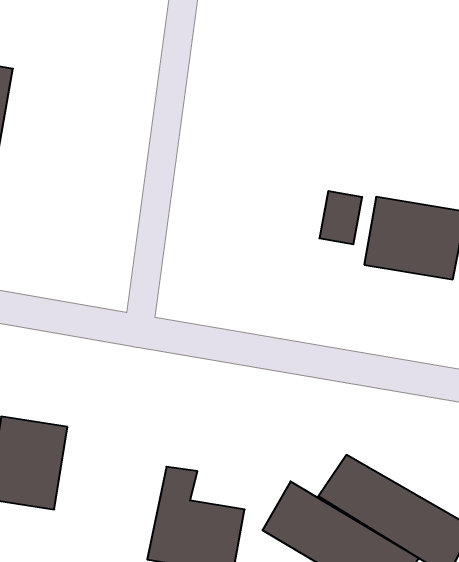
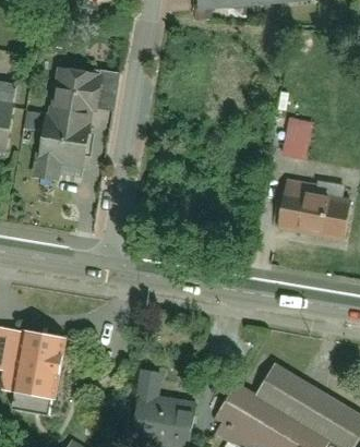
building: none -> [38,60,122,177]
building: [319,191,362,244] -> [285,114,316,154]

